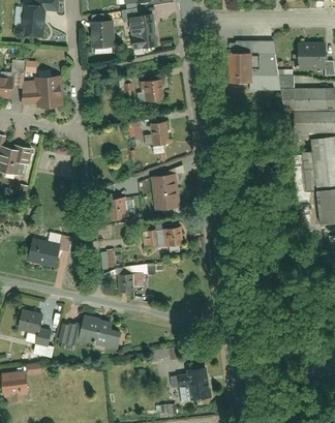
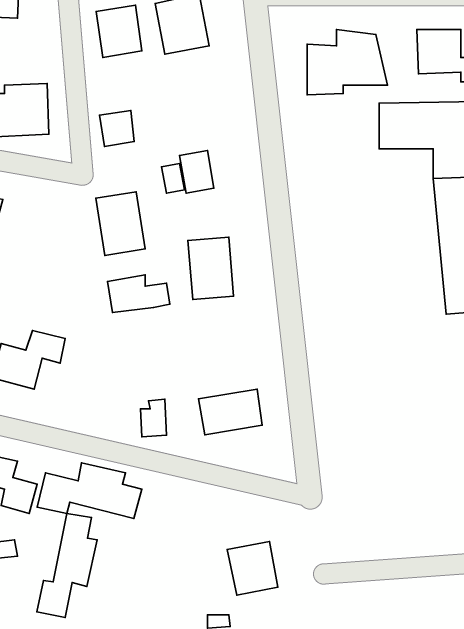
building: [141,79,162,101] -> [100,110,134,146]
building: none -> [96,192,145,255]
building: [141,224,181,253] -> [198,389,262,435]
building: none -> [37,514,97,617]

